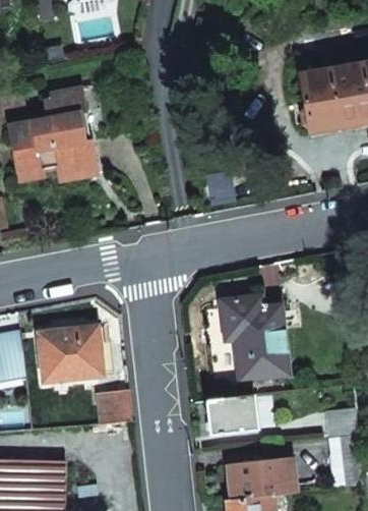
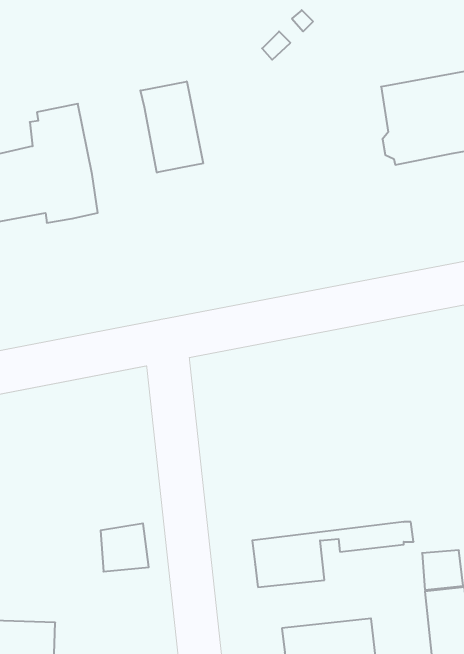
building: none -> [140,81,203,173]
building: [220,295,289,381] -> none
building: [40,327,102,381] -> none

